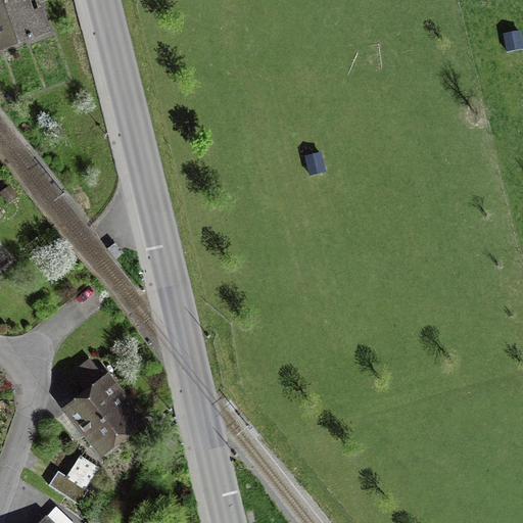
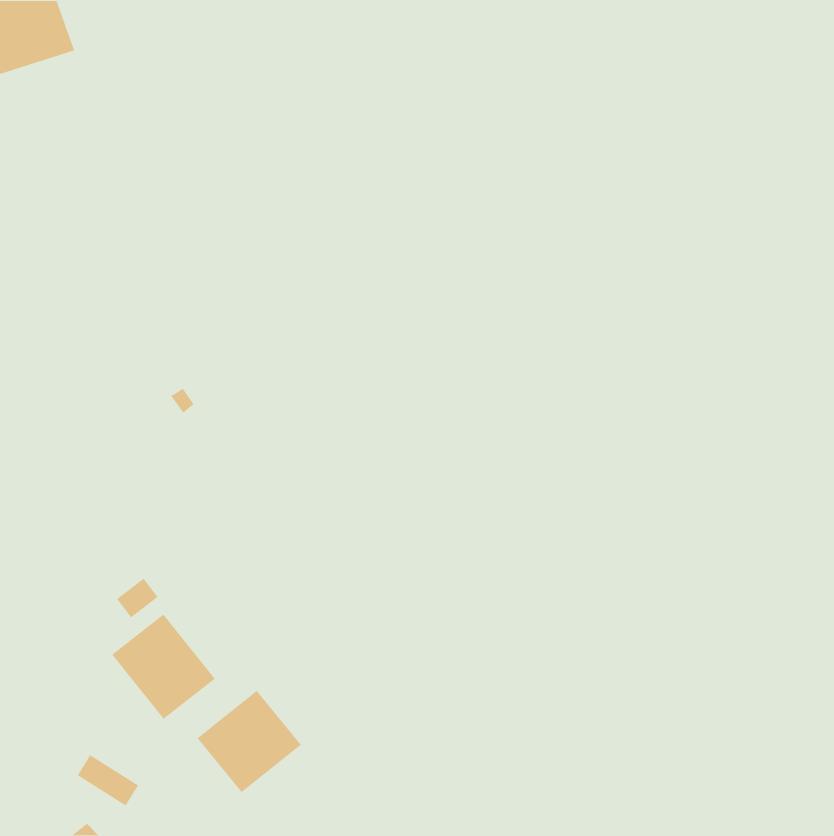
building: none -> [197,690,302,793]

